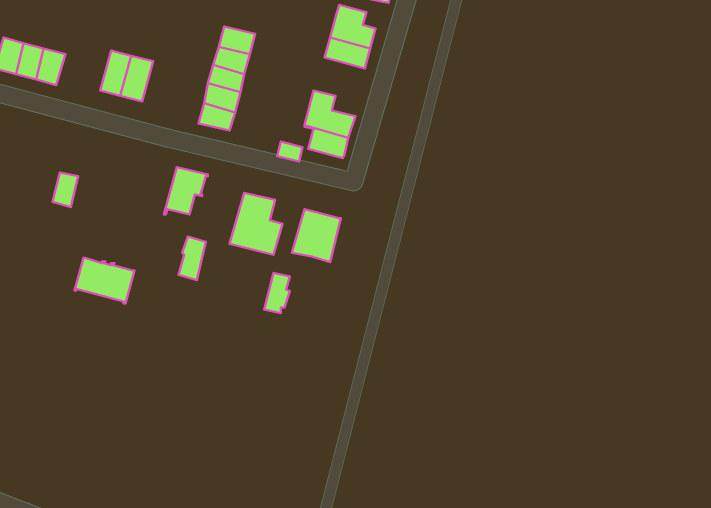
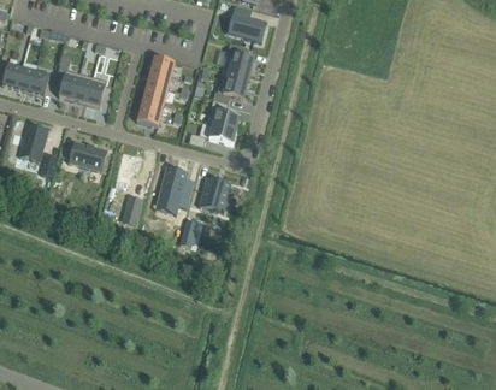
building: none -> [55,52,78,97]
building: none -> [212,76,246,101]
building: none -> [18,122,48,160]
building: [74,258,135,303] -> [67,140,107,170]

